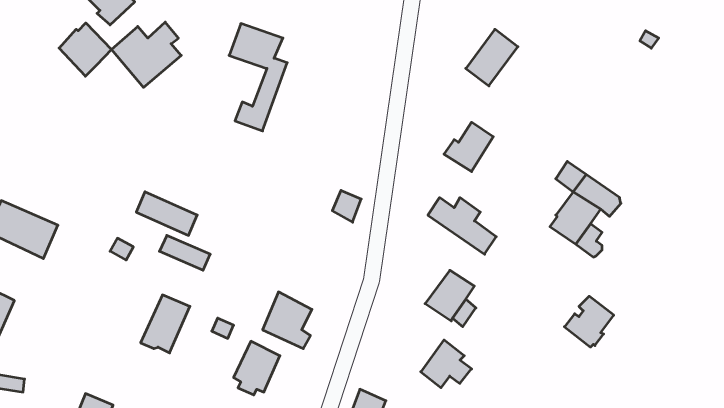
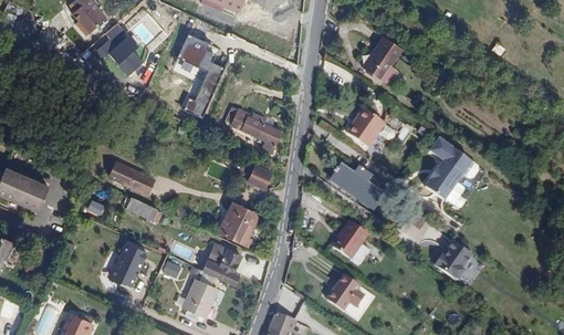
building: [59,23,112,76] -> none
building: none -> [232,108,281,150]
building: none -> [218,201,257,247]

